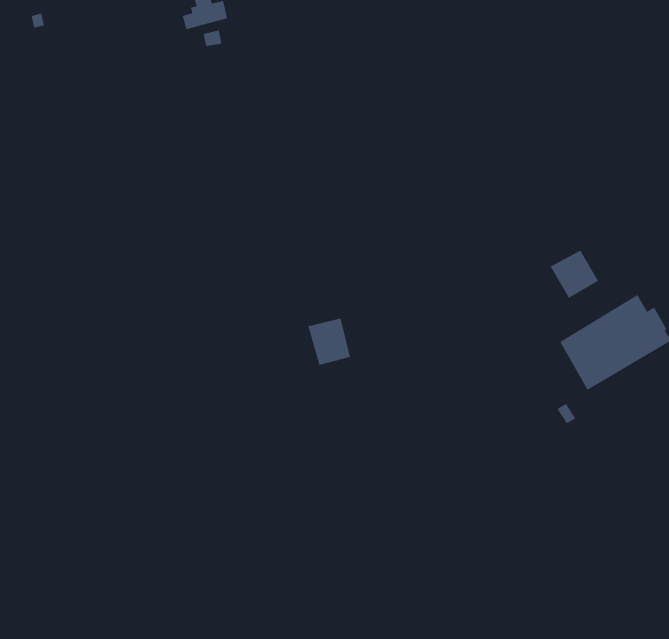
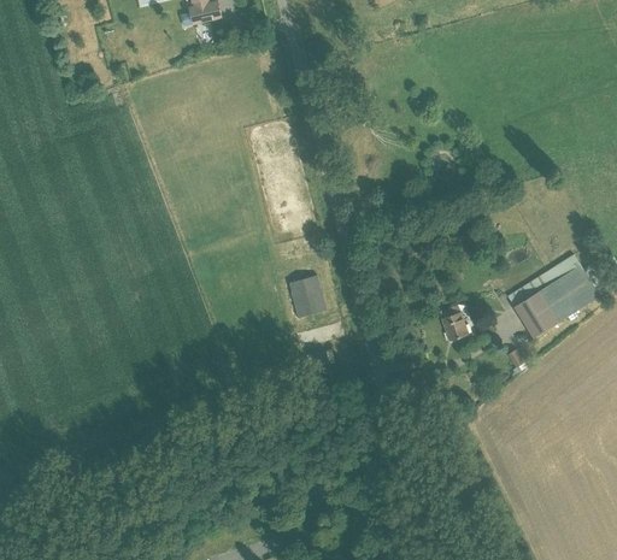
building: [550,250,599,299] -> none
building: none -> [439,306,468,342]

